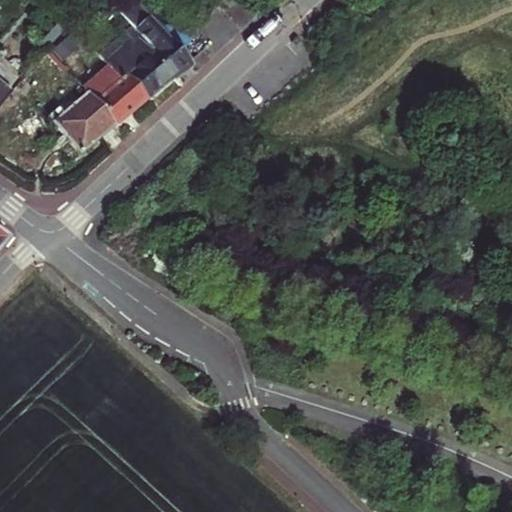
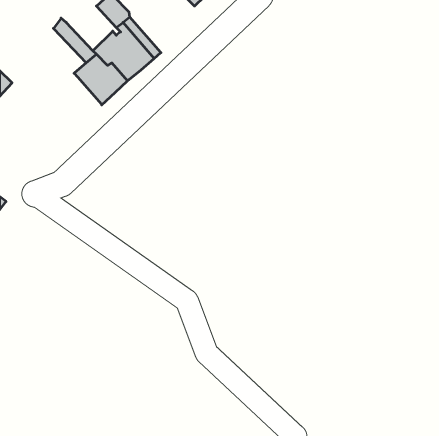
building: [52,89,118,150] -> none

